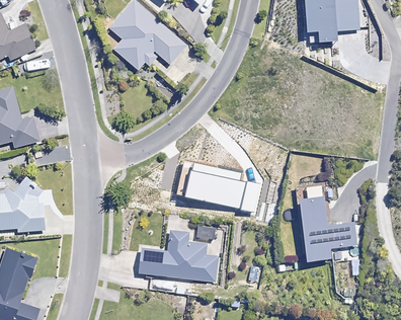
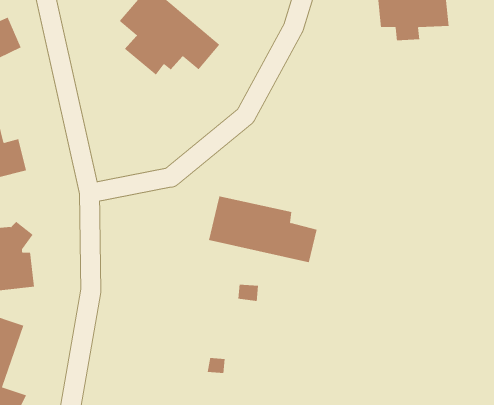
building: [299,182,356,259] -> none
building: [139,230,219,283] -> none

